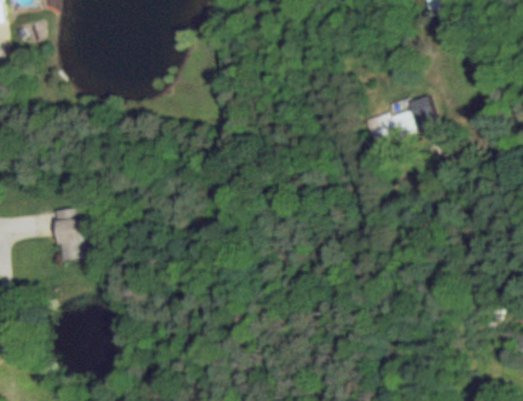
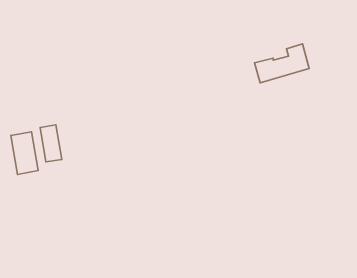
building: none -> [40,125,62,162]

